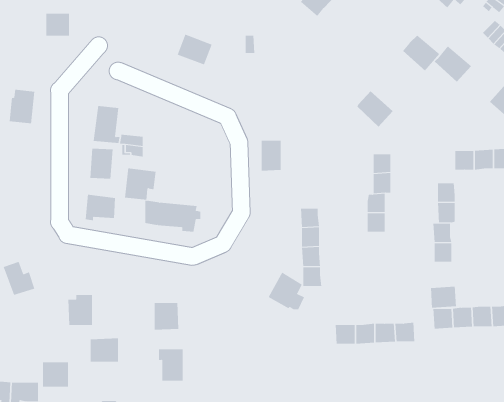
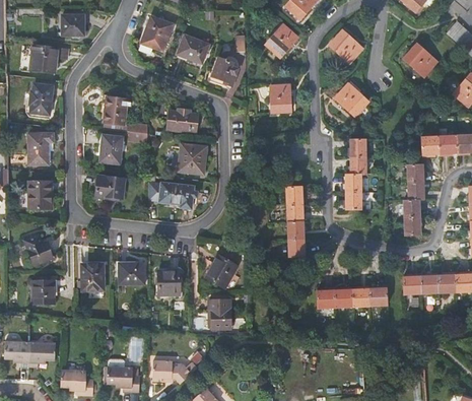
building: none -> [140,18,171,51]
building: none -> [265,25,296,58]
building: [402,35,440,72] -> [329,31,362,64]
building: none -> [30,47,67,72]
building: none -> [212,56,239,84]
building: none -> [168,106,199,132]
building: [261,140,282,171] -> [271,85,289,113]
building: none -> [28,132,53,163]
building: [124,168,156,200] -> [177,143,205,172]
building: none -> [29,182,51,208]
building: [268,272,305,310] -> [206,253,239,286]
building: [430,286,457,308] -> none
building: [90,338,119,362] -> [117,264,142,285]
building: [158,349,183,381] -> [207,298,229,327]
building: [42,362,69,387] -> [30,281,54,304]

